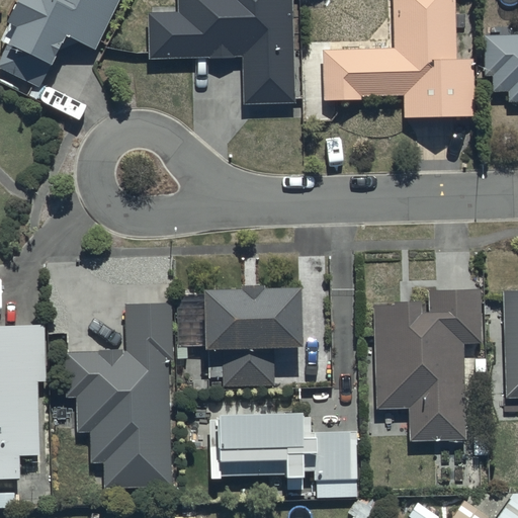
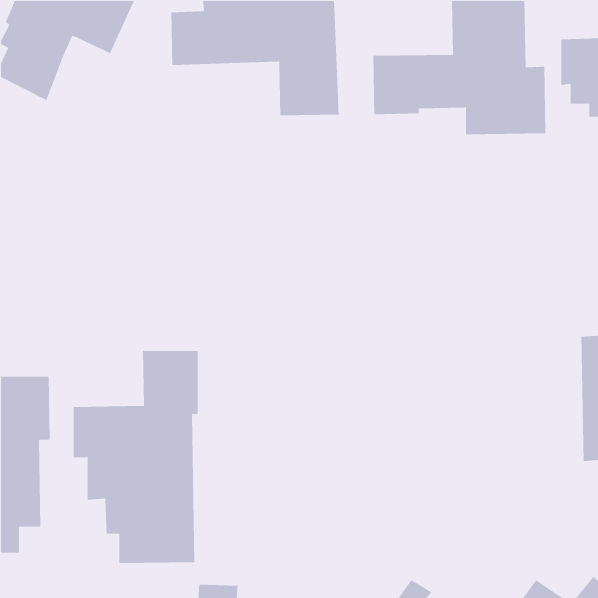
building: [202,282,300,386] -> none
building: [372,287,482,442] -> none
building: [208,410,358,499] -> none

